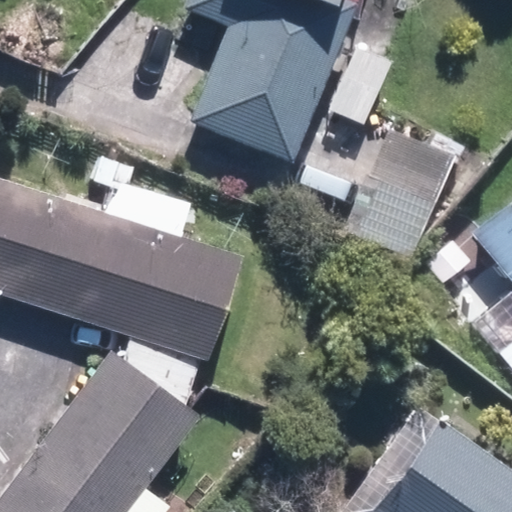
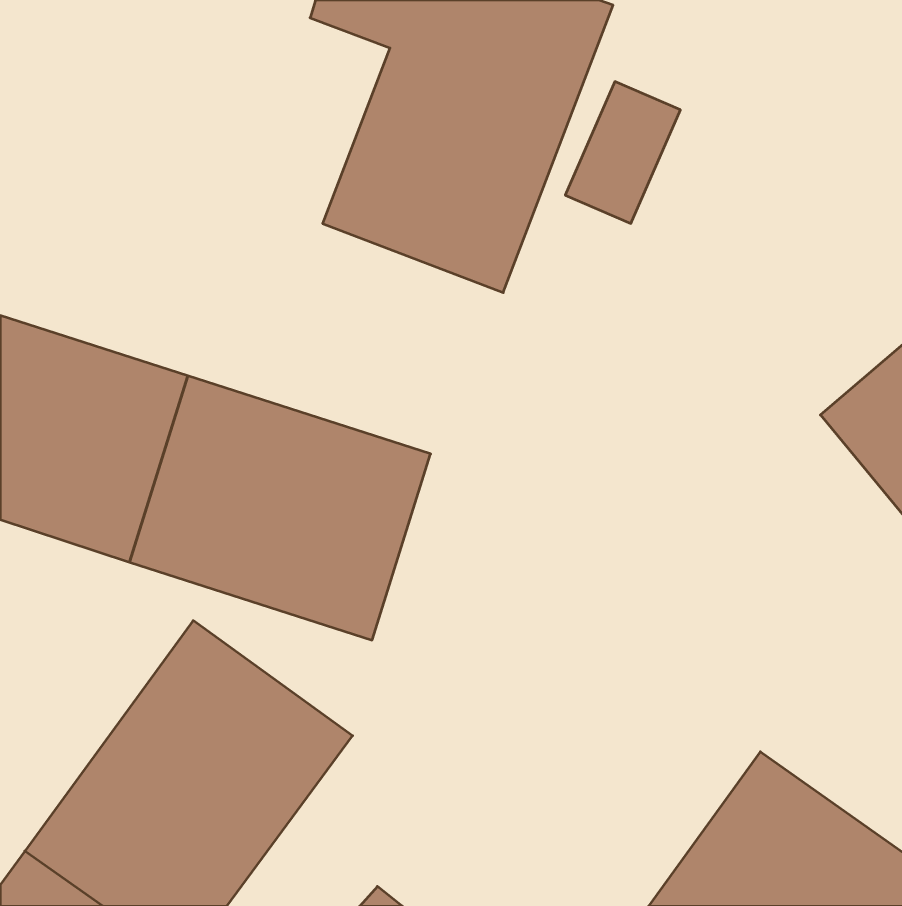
building: [342,129,449,260] -> none

